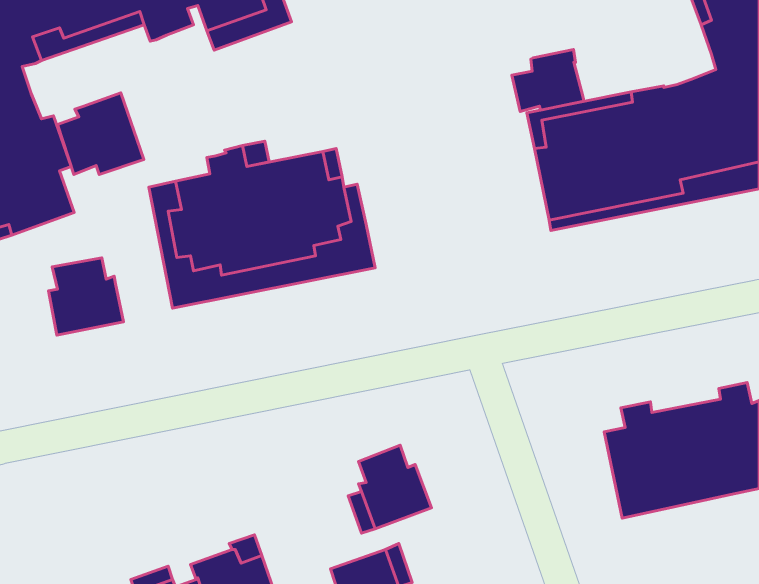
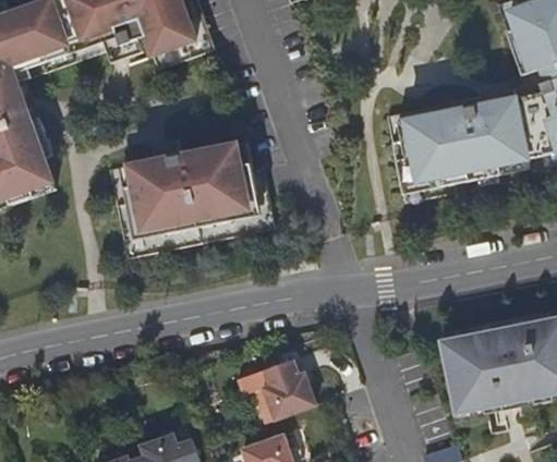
building: [512,50,584,111] -> none
building: [58,93,144,175] -> none
building: [49,258,123,335] -> none

